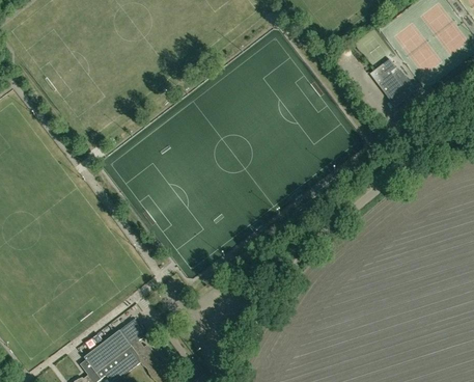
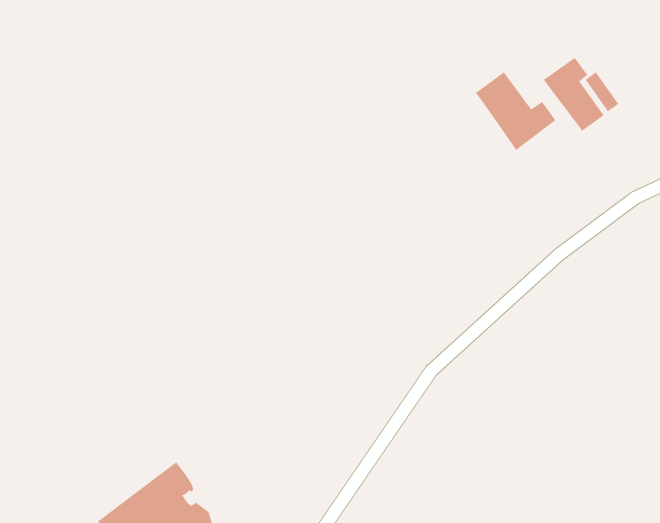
building: none -> [475,71,556,151]

